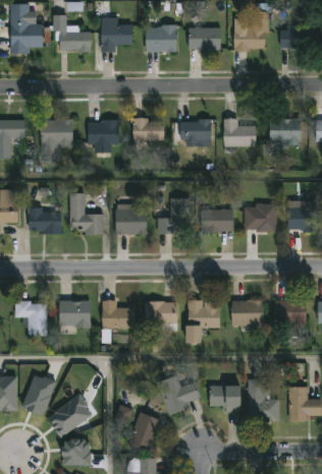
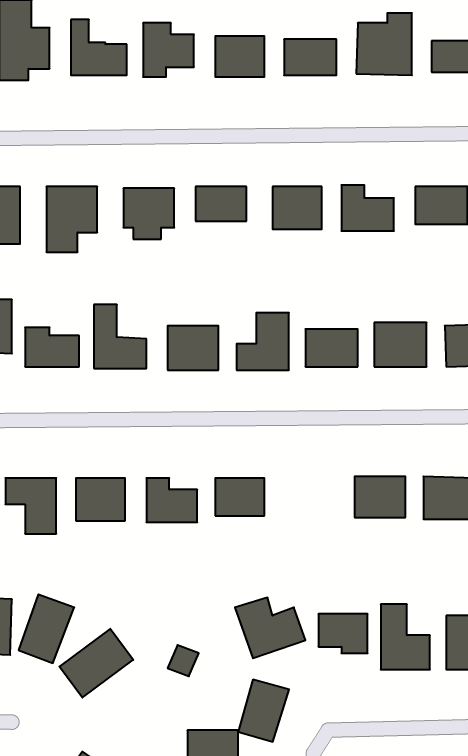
building: [186,300,219,343] -> none
building: [128,413,160,452] -> [238,680,289,742]
building: [63,438,92,465] -> none

